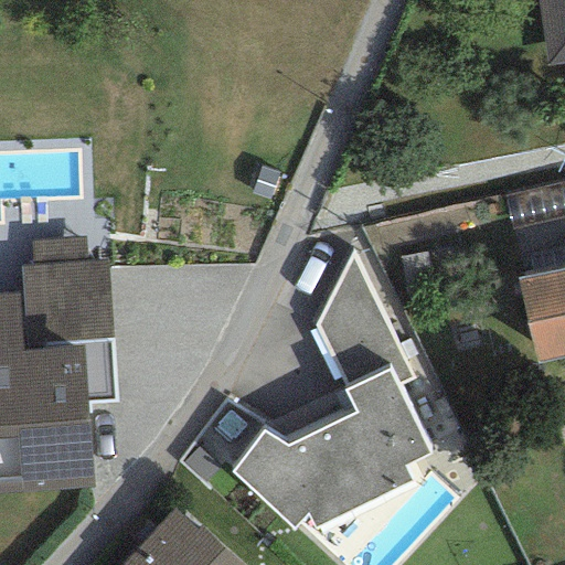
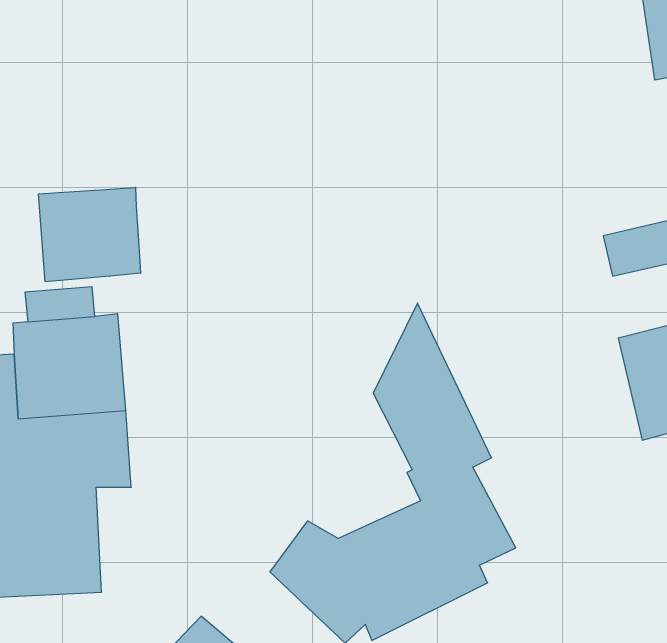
building: none -> [39,187,141,282]

